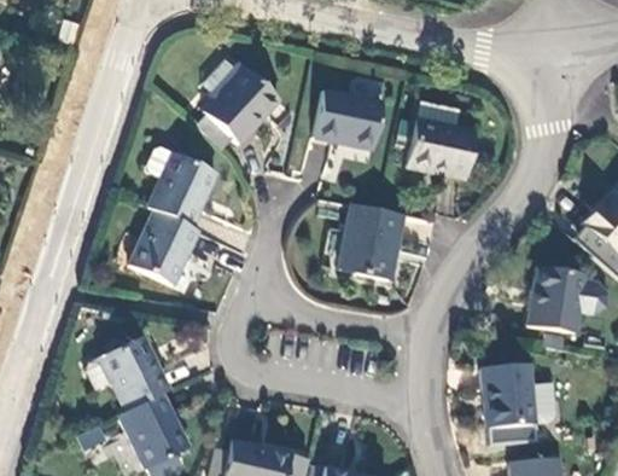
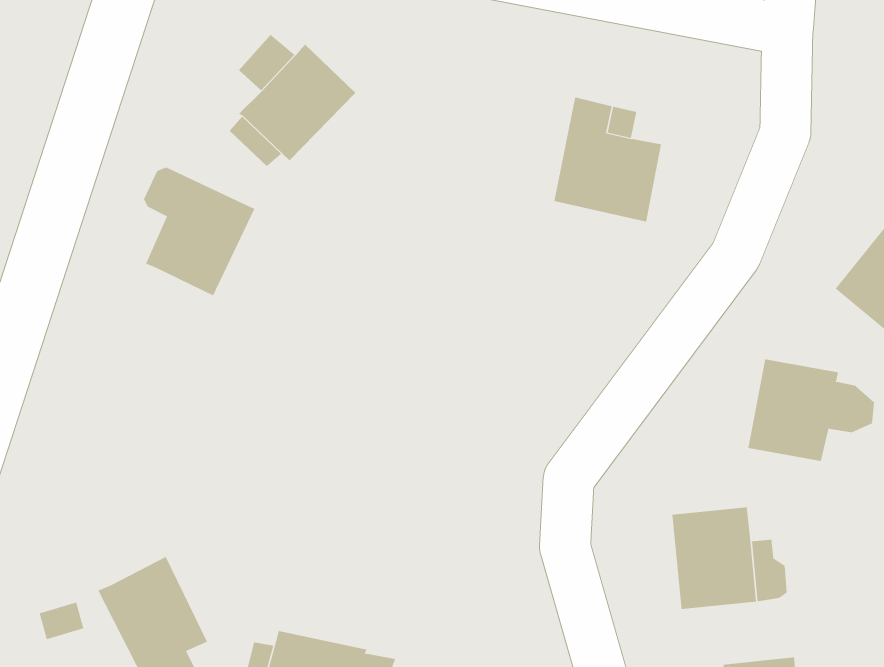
building: [314,89,383,150] -> none
building: [338,203,402,280] -> none
building: [129,209,199,285] -> none
building: [83,333,169,411] -> none

